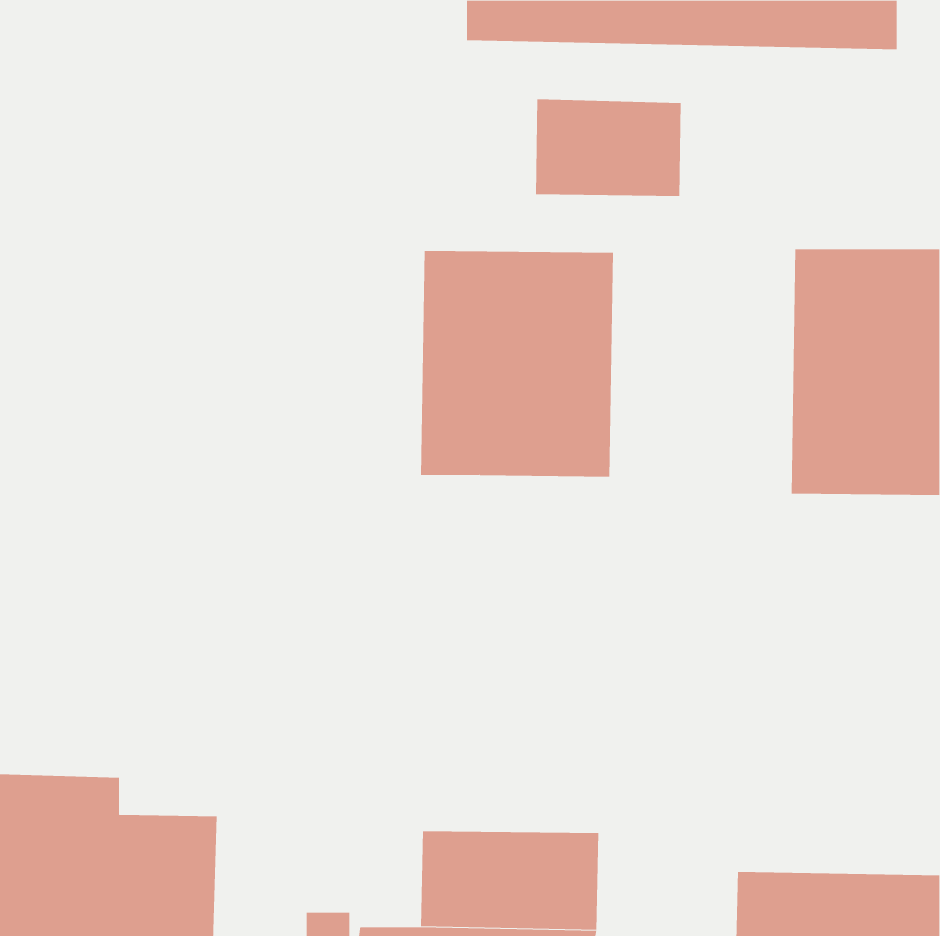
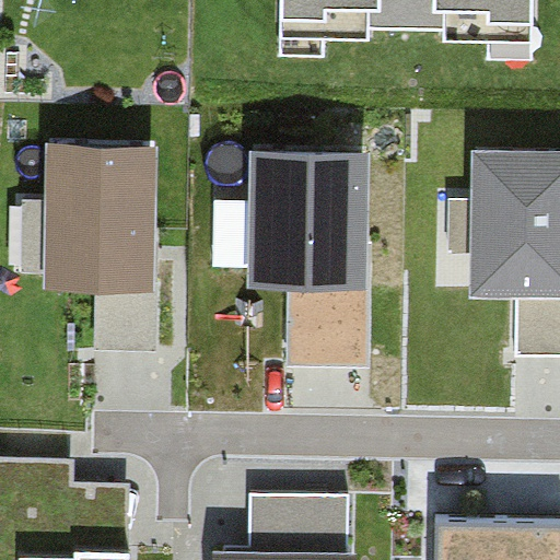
building: [535,99,681,197] -> none
building: none -> [44,144,156,292]
building: none -> [283,285,368,366]

